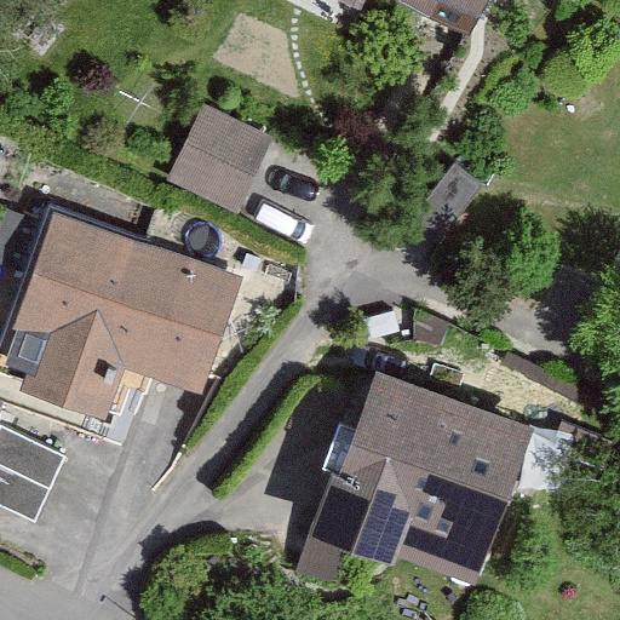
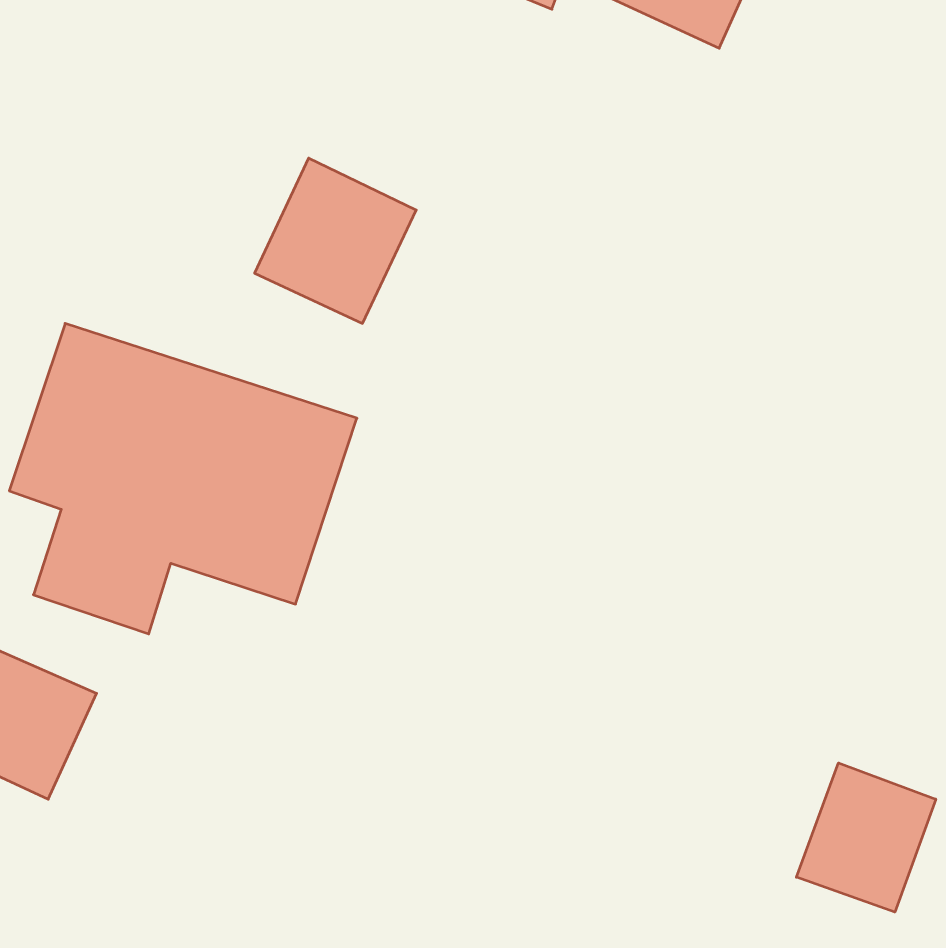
building: [328,378,541,564] -> none
building: none -> [796,763,936,912]

